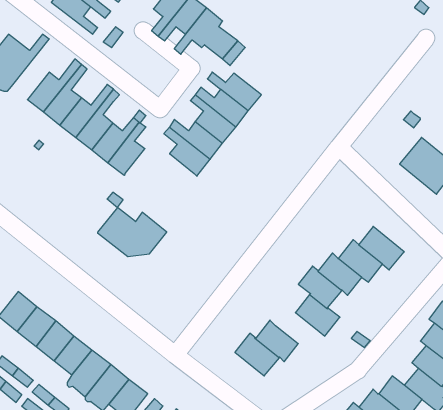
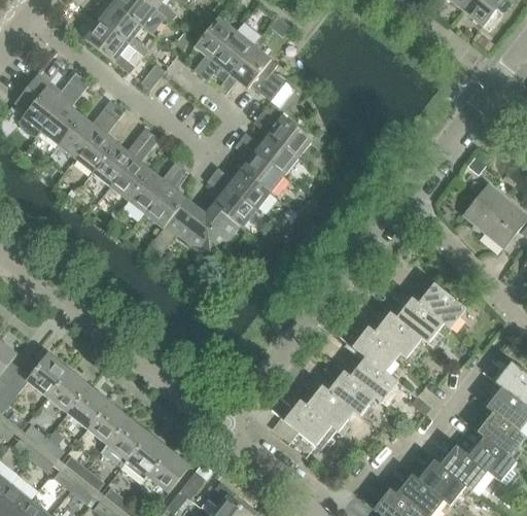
building: none -> [41,78,89,144]
building: [98,207,167,257] -> [165,198,240,251]
building: none -> [328,371,376,416]

